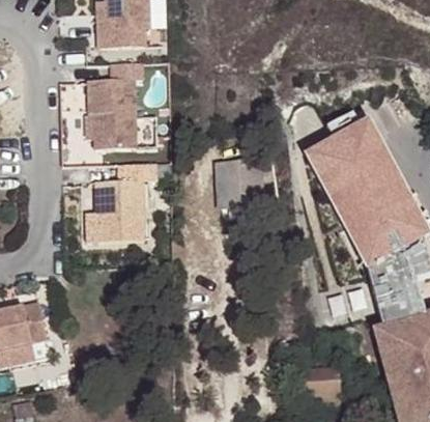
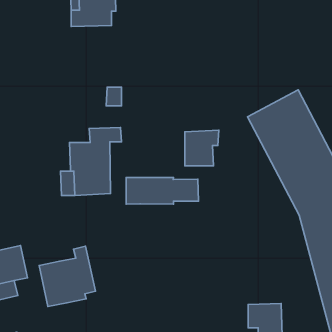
building: [87,62,141,148] -> none
building: none -> [126,177,198,204]
building: none -> [39,246,95,306]

